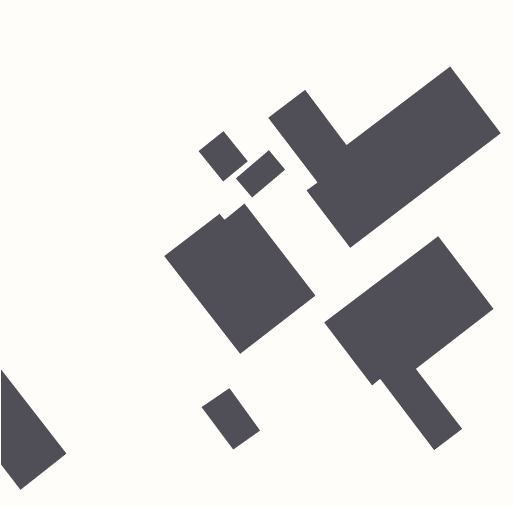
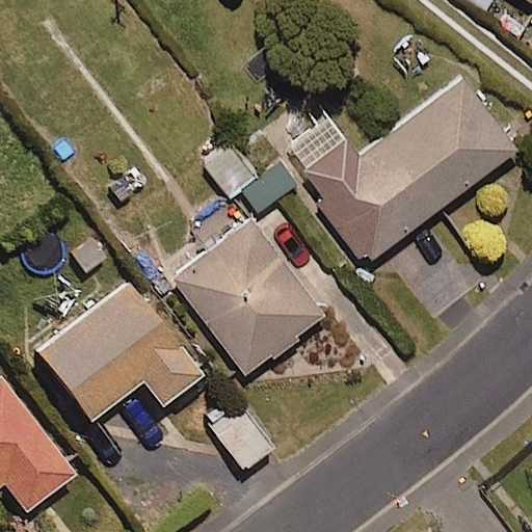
building: [323,235,495,451] -> none
building: none -> [33,283,198,423]

